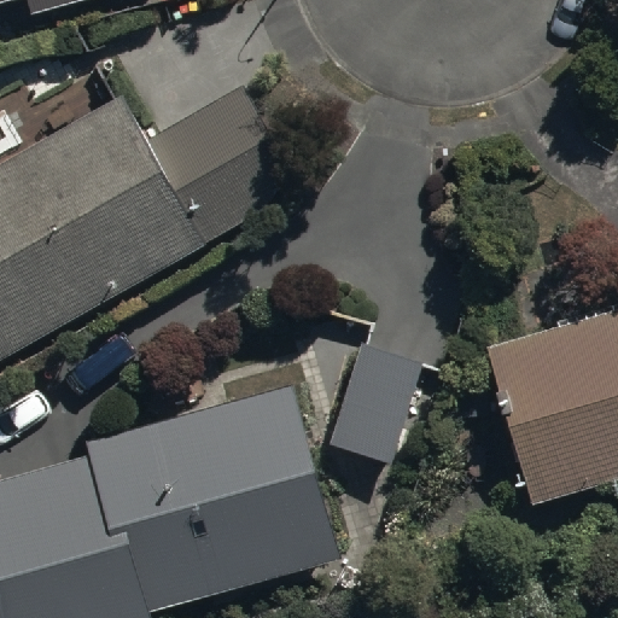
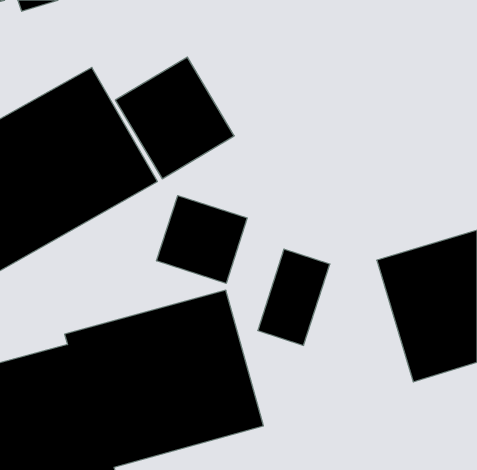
building: none -> [157,196,247,283]

